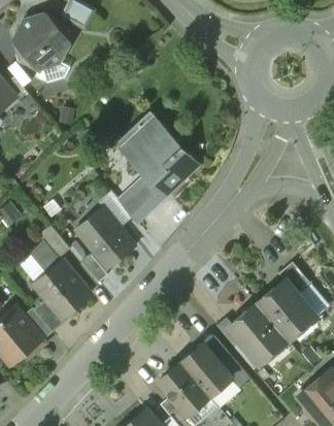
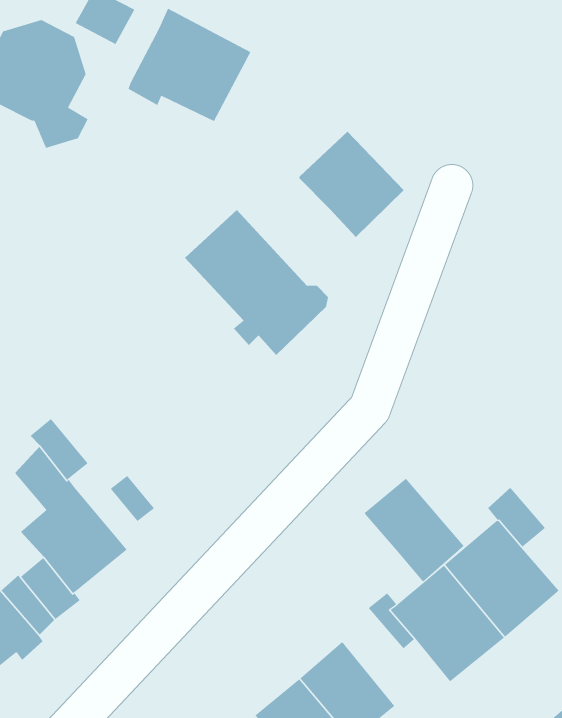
building: none -> [128,8,251,122]
building: none -> [299,131,404,238]
building: [121,186,155,222] -> none
building: [75,207,135,269] -> none
building: none -> [364,478,464,583]

